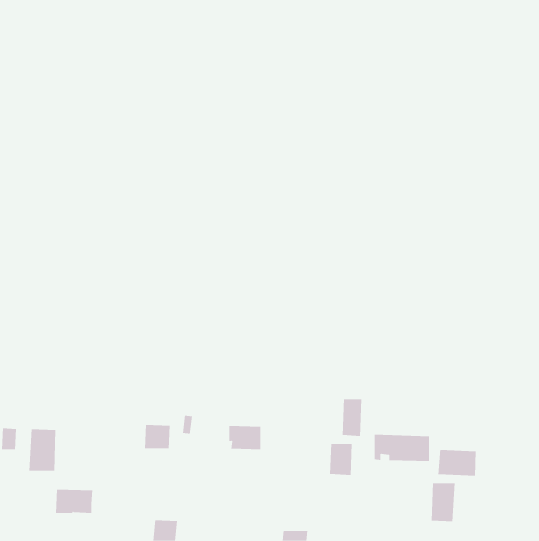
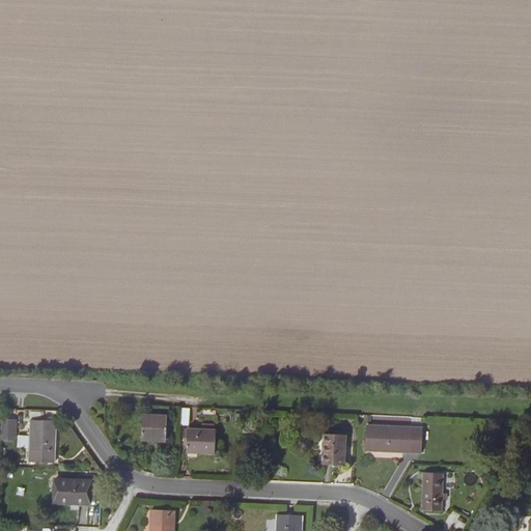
building: [342,399,362,437] -> none
building: [228,426,261,450] -> [184,429,216,453]
building: [438,449,476,477] -> none

